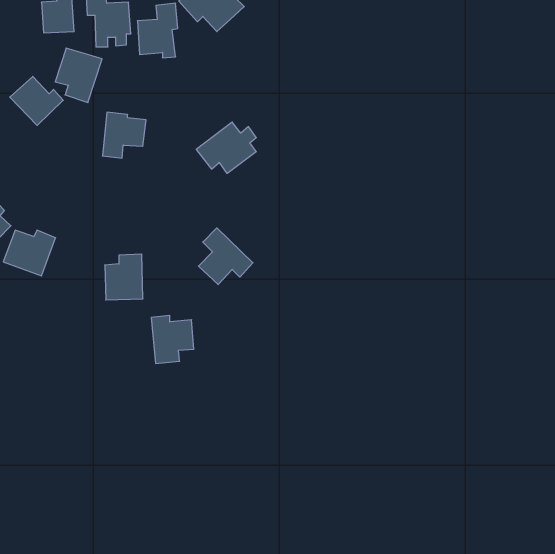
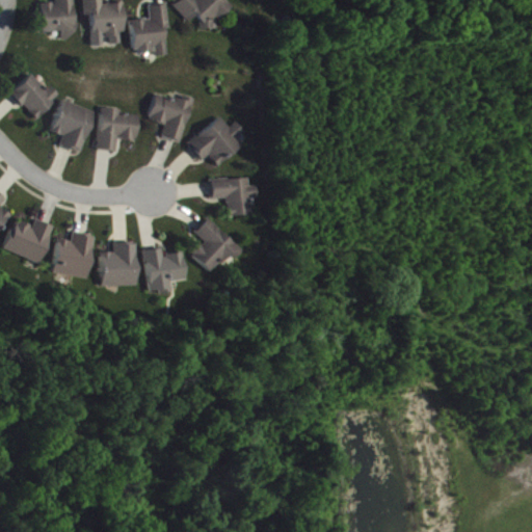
building: [55,48,102,103] -> [50,100,95,152]
building: none -> [149,90,193,141]
building: none -> [210,178,257,215]
building: none -> [52,233,94,277]
building: [151,315,194,363] -> [143,247,184,293]

